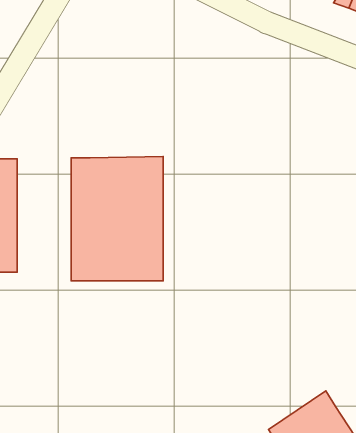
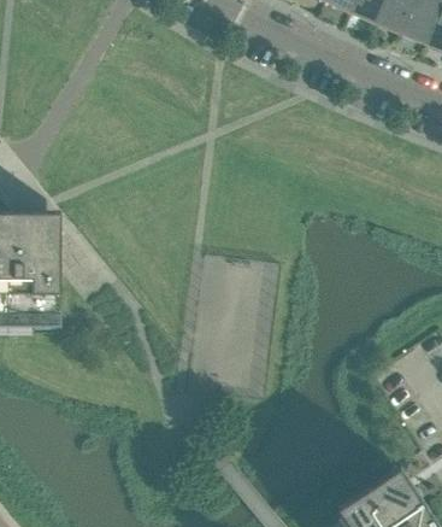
building: [71,156,163,281] -> none

